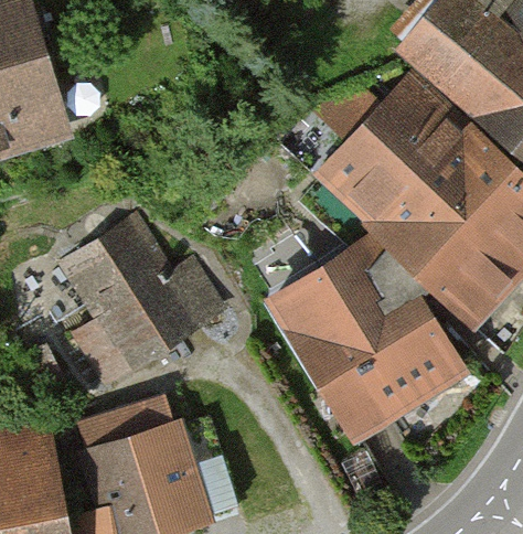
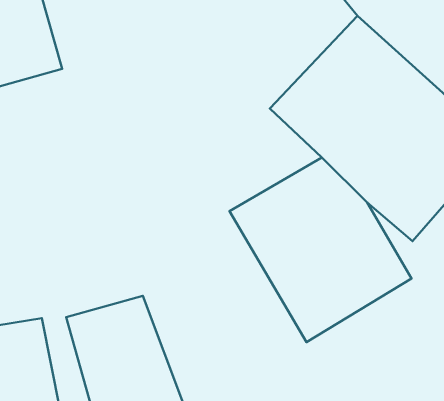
building: [55,210,235,388] -> none

